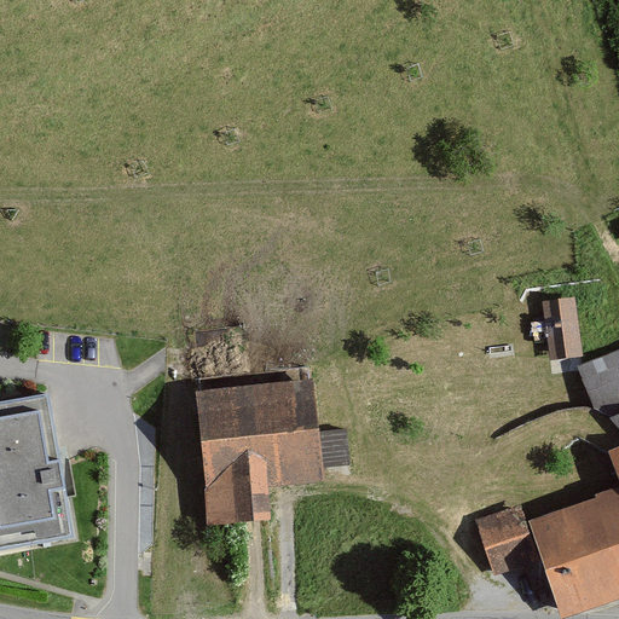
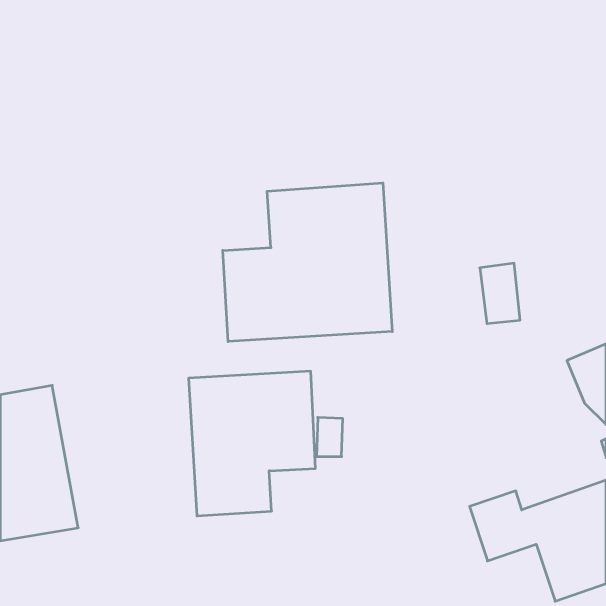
building: none -> [223,183,392,342]
building: [542,300,583,361] -> [480,263,520,324]

